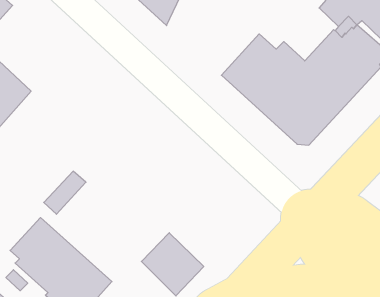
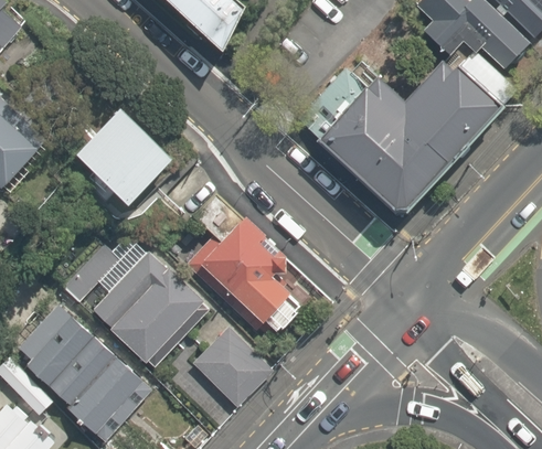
building: none -> [70,101,181,212]
building: none -> [184,217,300,336]
building: none -> [93,250,203,363]

